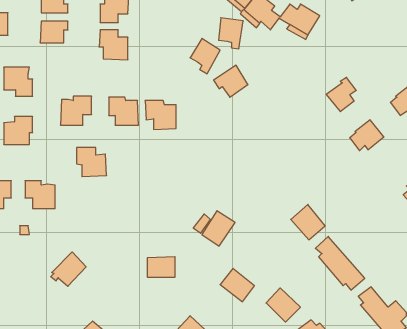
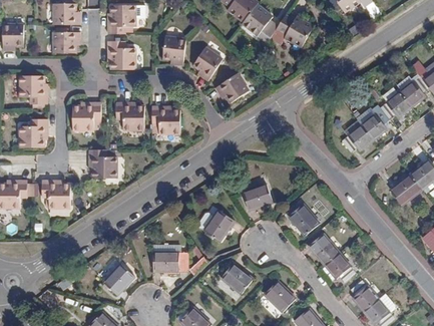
building: [219,18,243,49] -> [162,35,185,64]
building: [326,77,356,112] -> [361,107,389,139]
building: none -> [242,184,273,211]
building: [51,252,86,286] -> [101,263,134,295]

